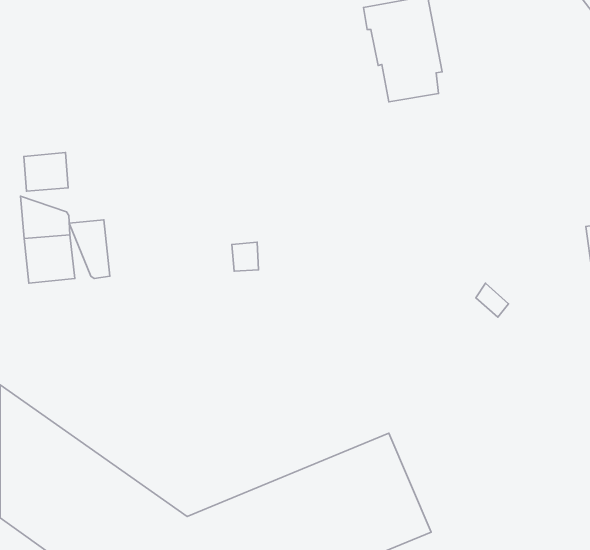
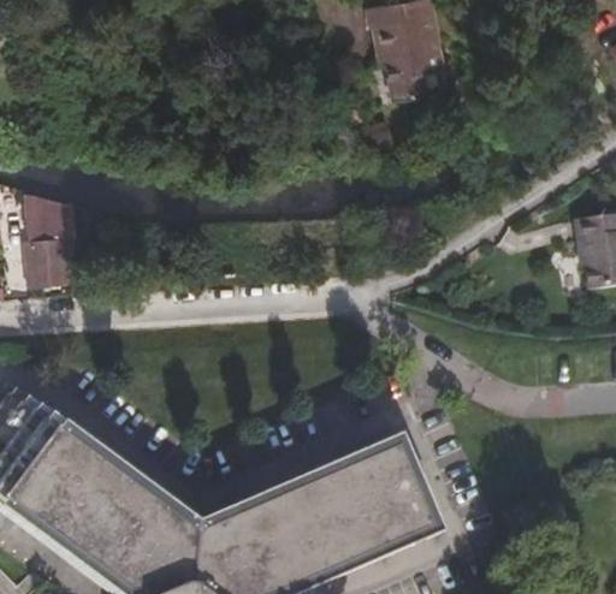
building: [24,152,68,191] -> none
building: [69,220,110,278] -> none

